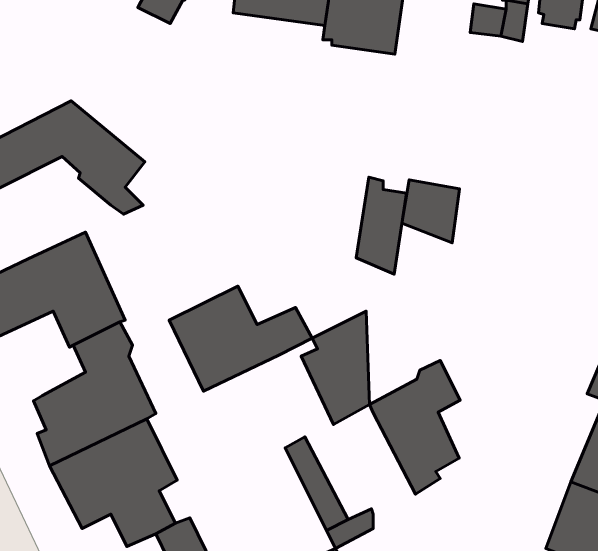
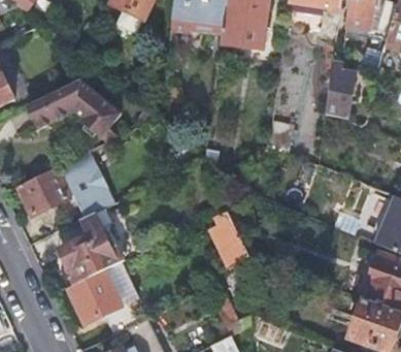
building: [356,177,407,274] -> [326,65,355,121]
building: [169,286,312,391] -> none
building: [370,361,460,494] -> none

